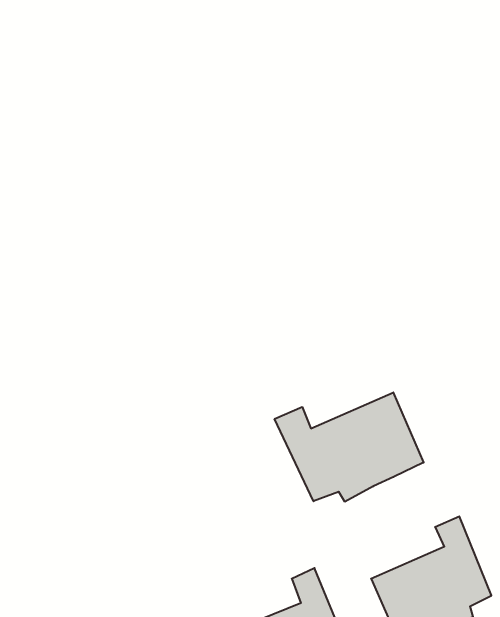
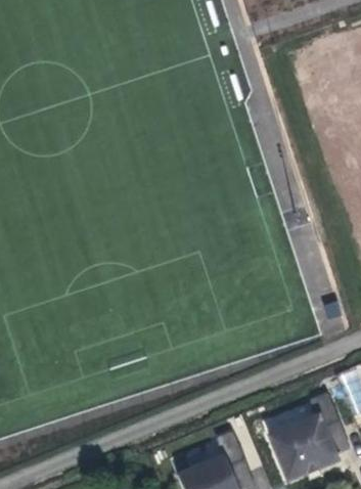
building: [275,392,424,502] -> none

